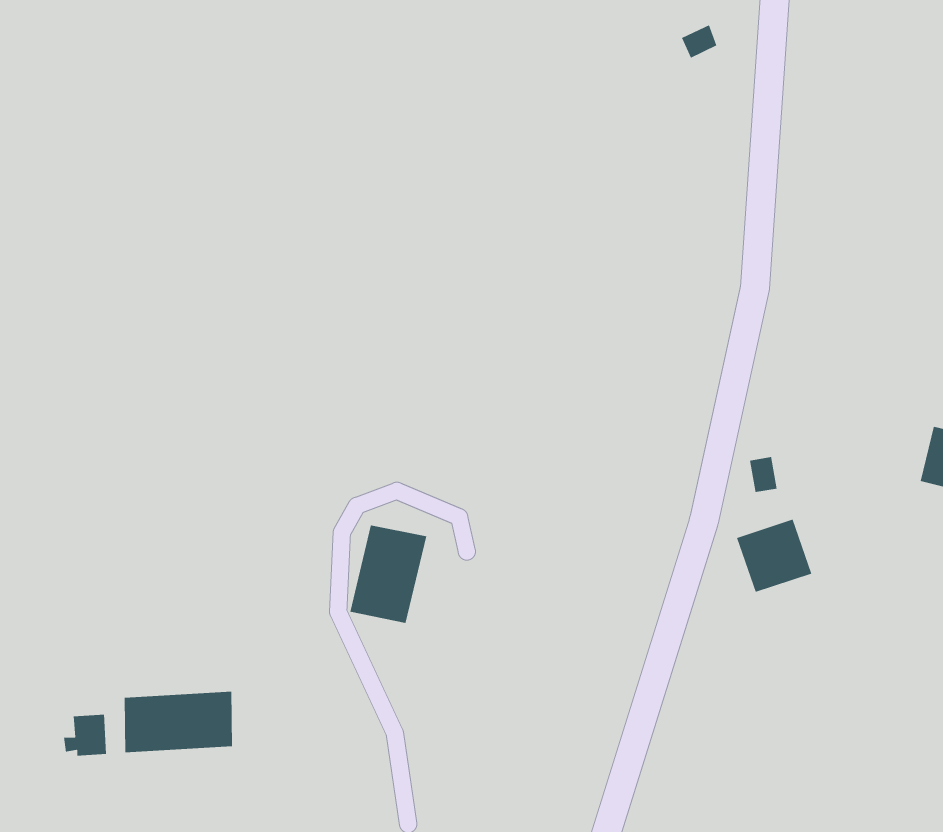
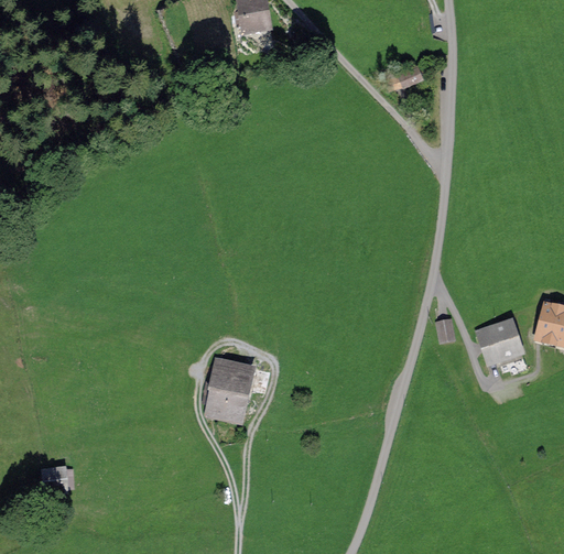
building: [736,519,812,593] -> [477,318,521,361]
building: [124,691,233,753] -> none

